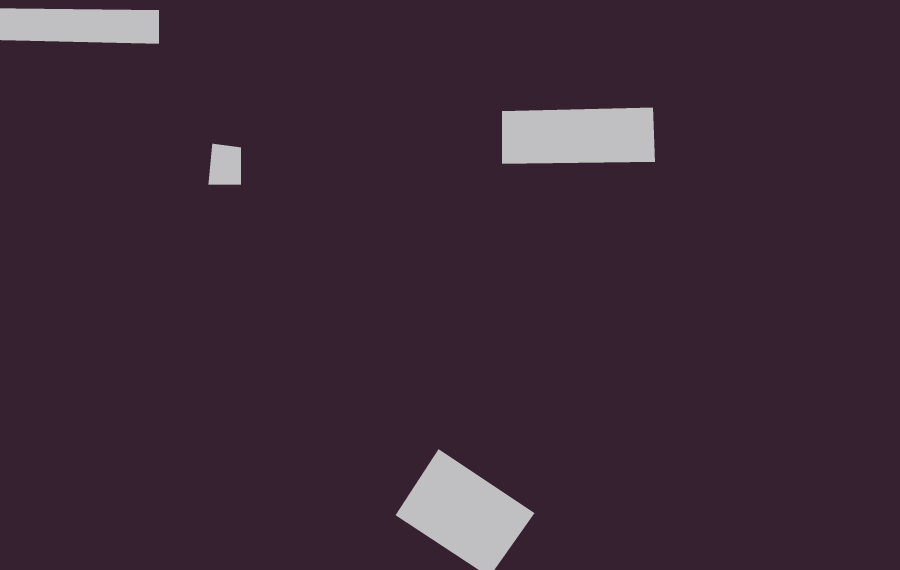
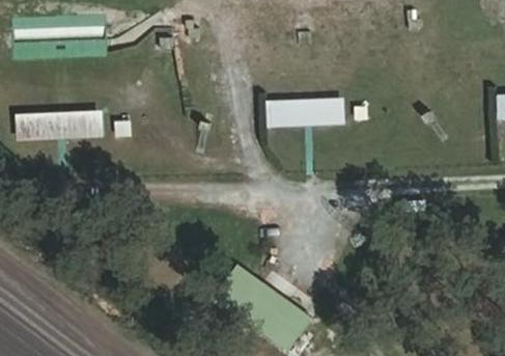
building: none -> [28,106,111,140]

